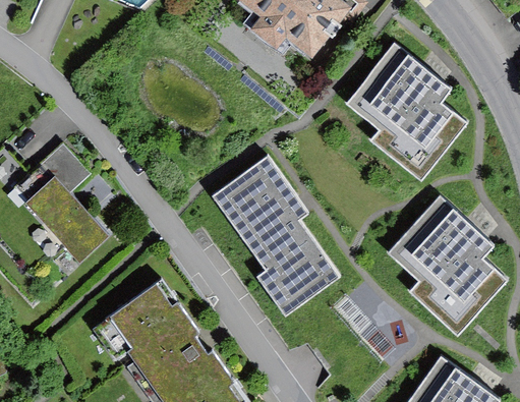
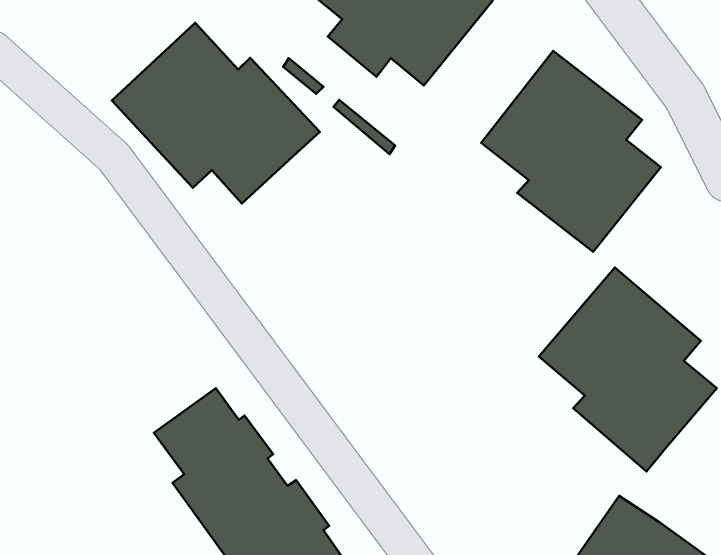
building: none -> [112,23,320,204]
building: [17,145,109,263] -> none
building: [213,158,343,319] -> none

